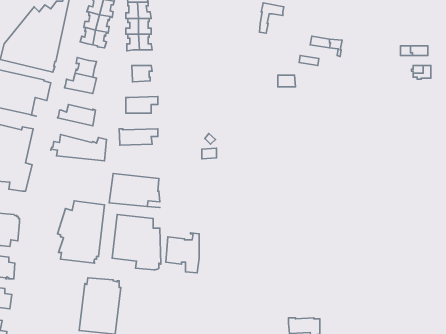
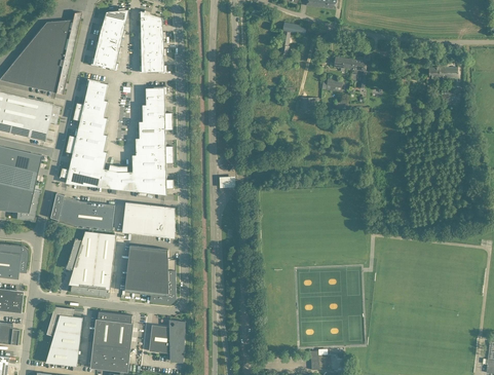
building: none -> [141,104,172,121]
building: none -> [72,111,106,135]
building: none -> [135,138,172,155]
building: none -> [64,143,106,168]
building: none -> [115,165,173,194]
building: none -> [49,192,113,230]
building: [166,233,199,273] -> [148,320,183,362]
building: none -> [44,306,81,366]

